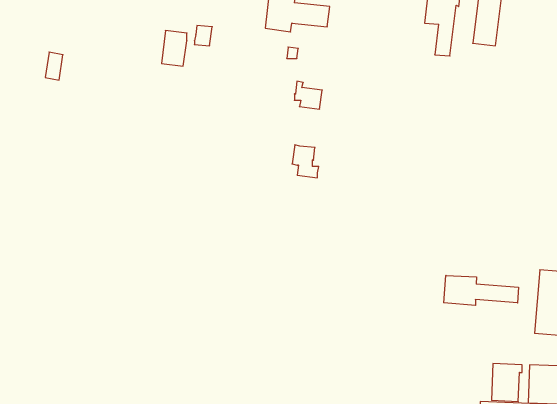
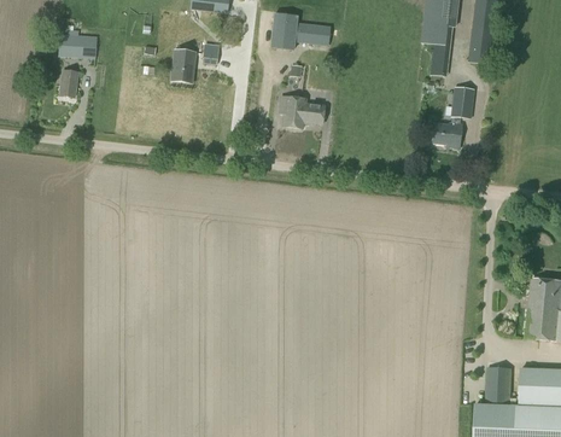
building: none -> [58,34,95,65]
building: none -> [432,87,473,147]
building: [292,145,319,178] -> [277,95,303,127]
building: [444,275,518,305] -> none

